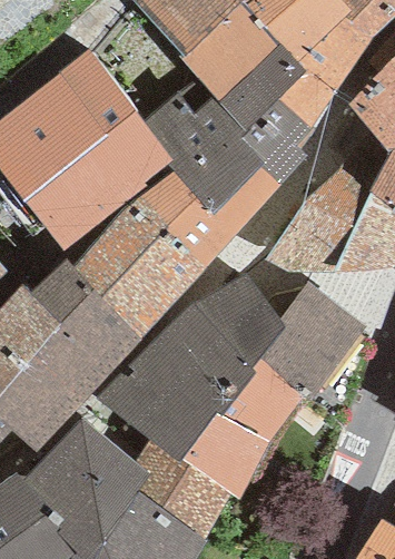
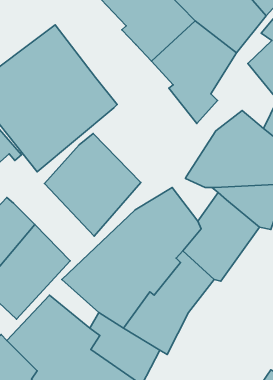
building: [138,80,278,267] -> none
building: [30,262,139,373] -> none

